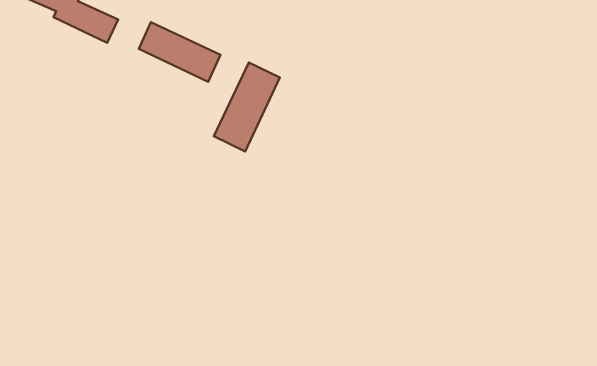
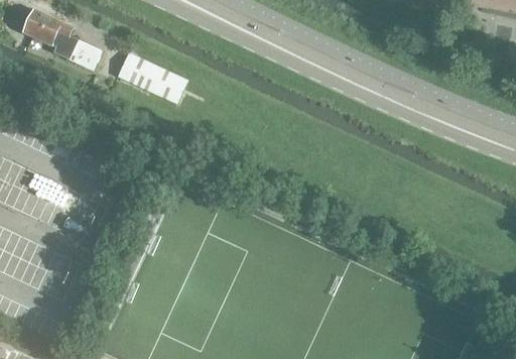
building: [214,62,280,151] -> none

